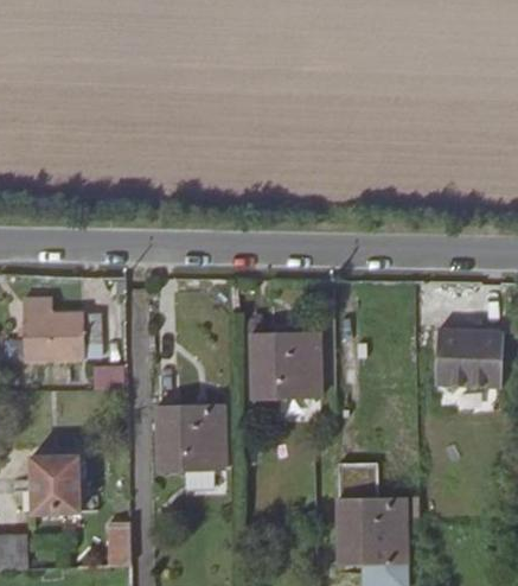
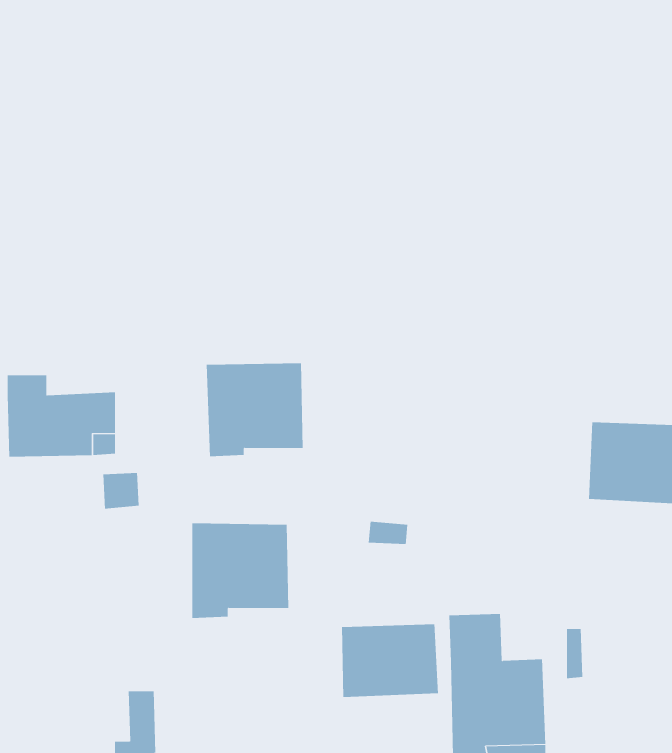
building: [252,331,321,397] -> [206,363,303,457]
building: [32,453,79,512] -> none
building: none -> [341,623,439,698]

